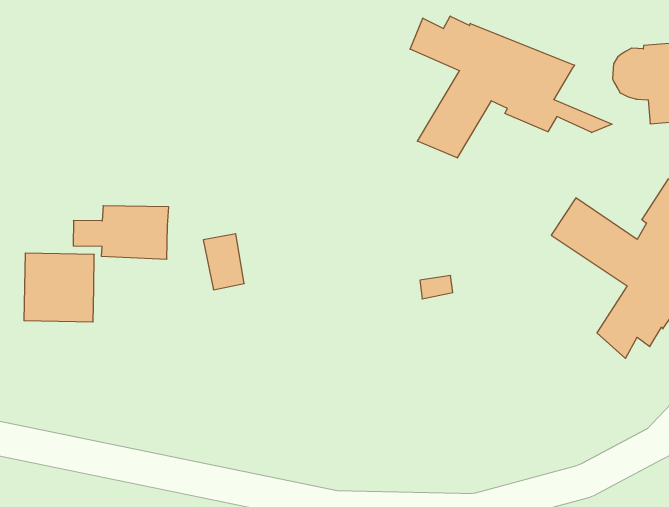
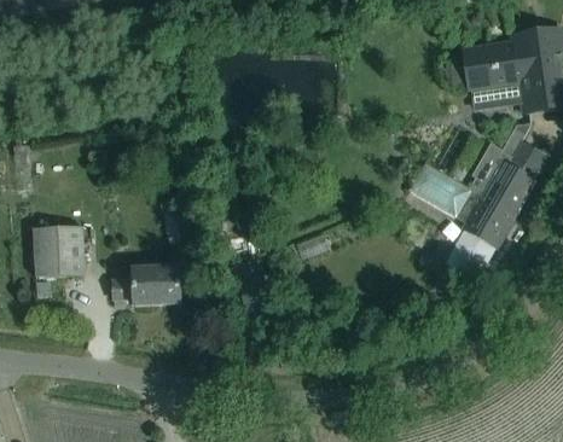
building: [410,16,612,158] -> none
building: [73,206,169,259] -> [112,264,181,303]

